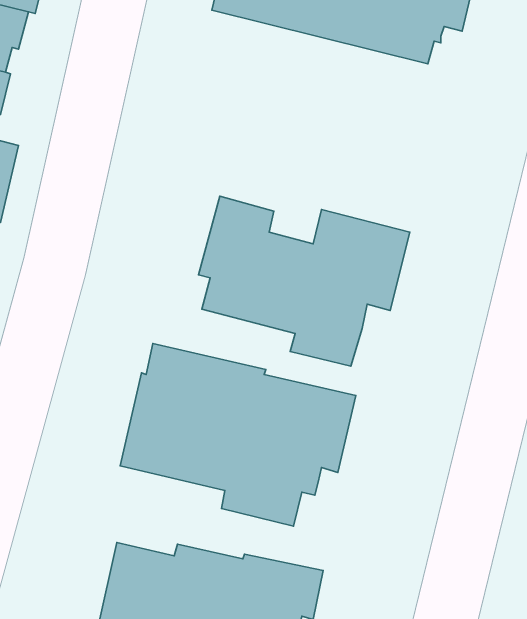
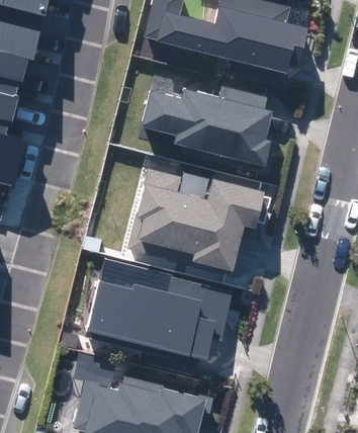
building: none -> [140,84,272,171]

